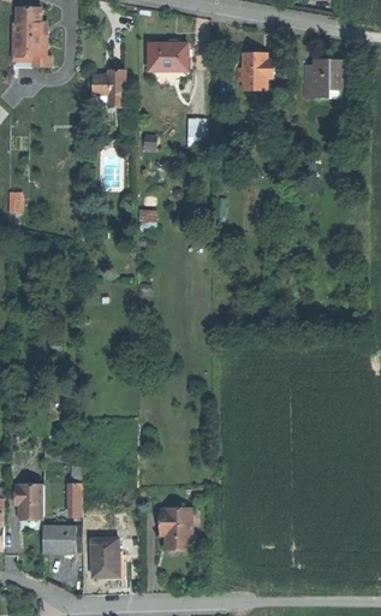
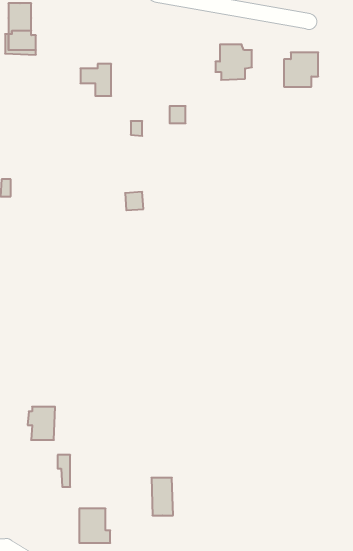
building: [148,41,185,69] -> none
building: [13,484,42,519] -> [28,407,55,440]
building: [41,526,81,552] -> none

